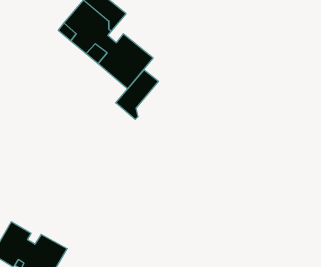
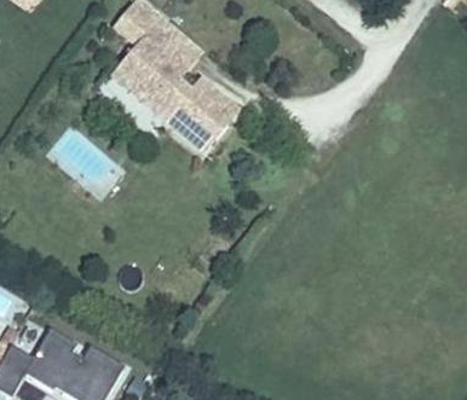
building: [116,70,158,119] -> none

